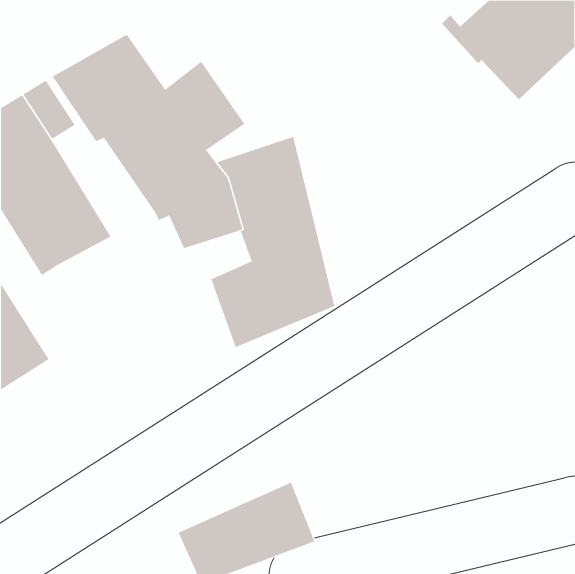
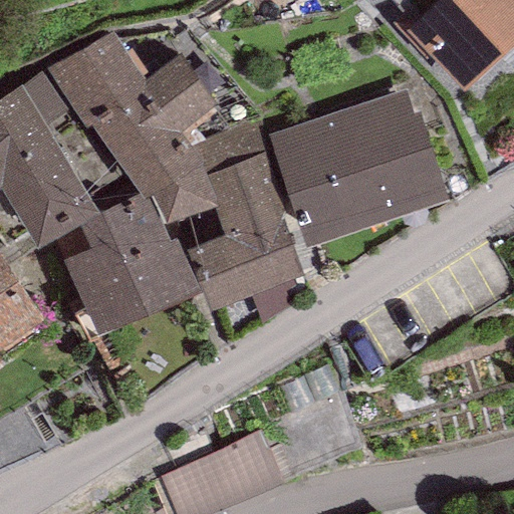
building: none -> [267,87,448,248]
building: none -> [51,192,200,335]

